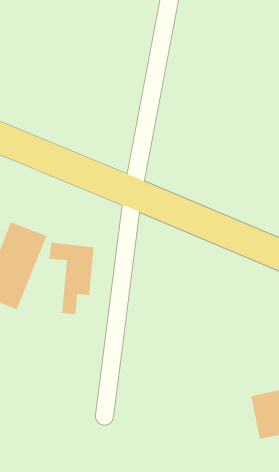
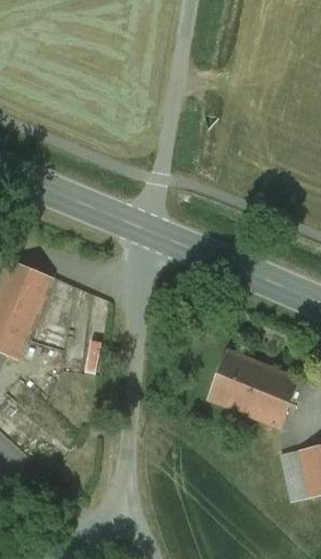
building: none -> [206,346,302,428]

